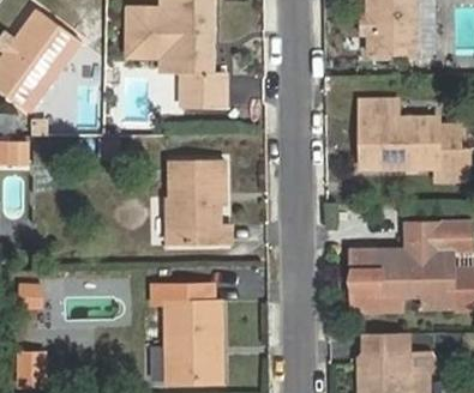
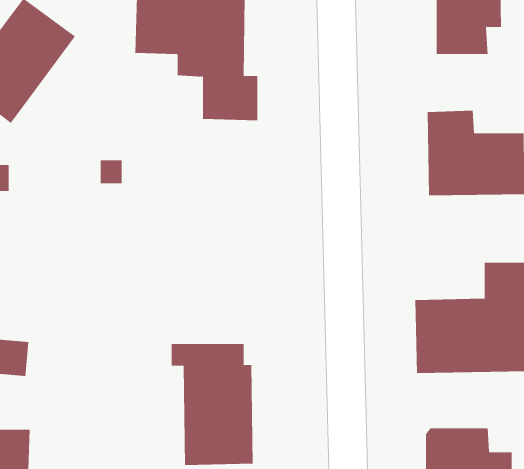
building: [166,158,227,246] -> none

